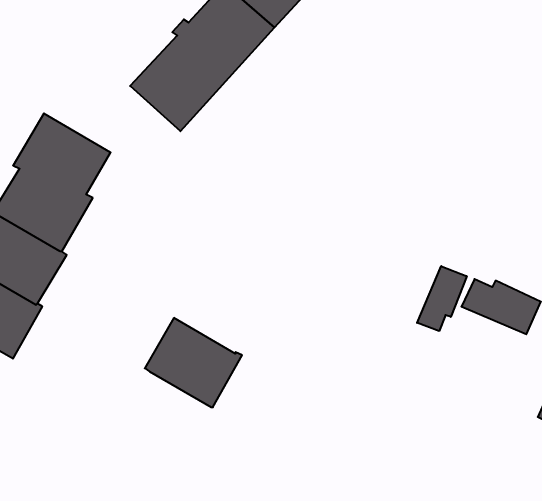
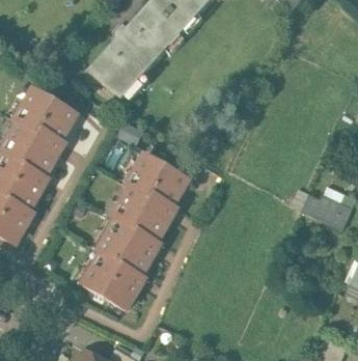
building: none -> [112,152,188,241]
building: [417,266,467,331] -> none
building: none -> [82,252,144,309]

